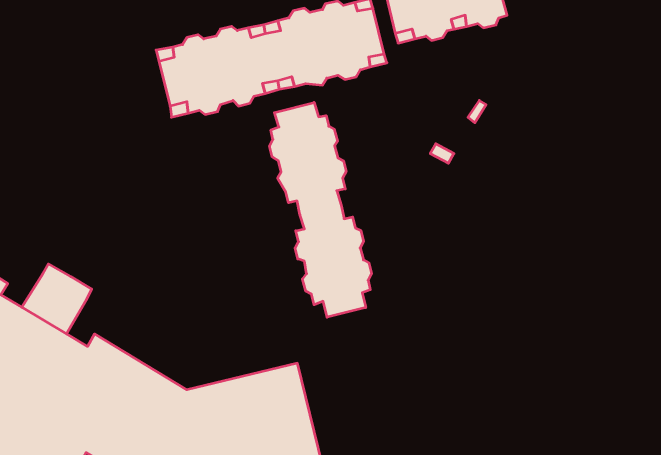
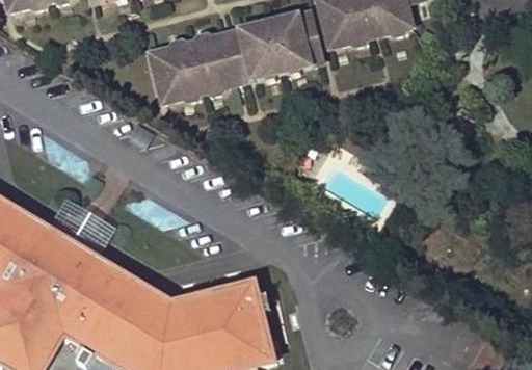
building: [270,102,372,317] -> none

